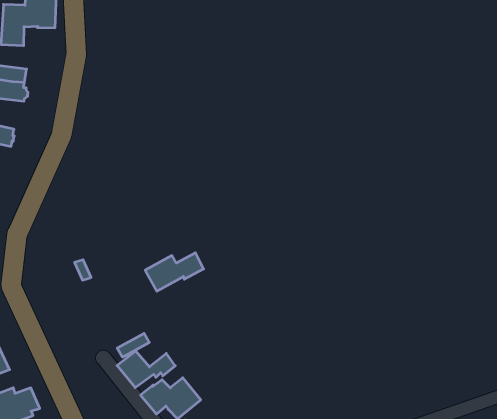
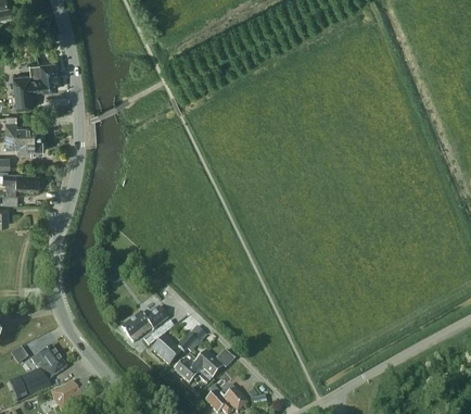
building: [145,253,204,291] -> [120,305,167,341]

